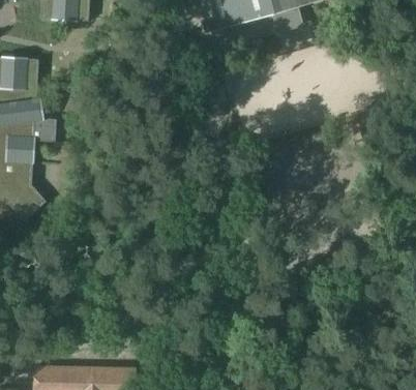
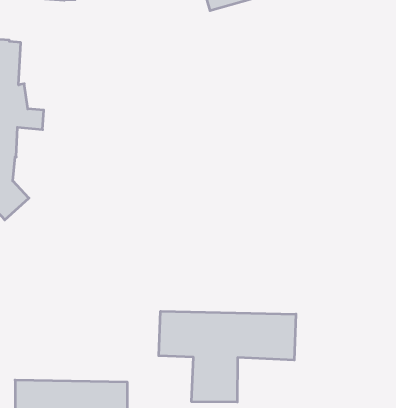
building: none -> [159,311,296,402]

